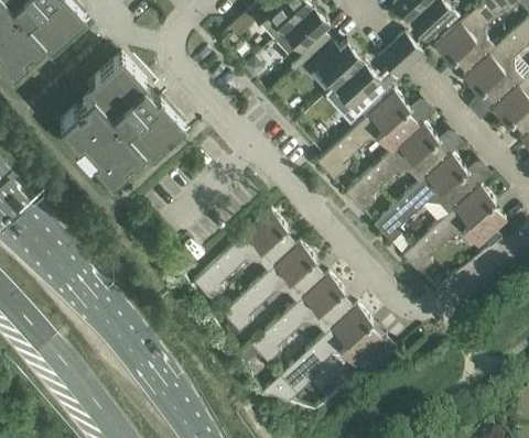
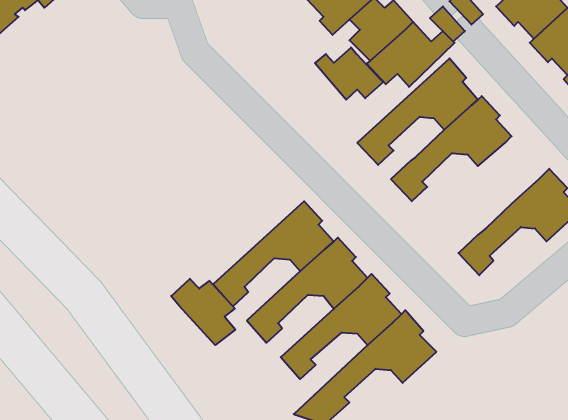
building: [61,56,186,182] -> none
building: none -> [315,47,384,100]
building: [375,155,477,244] -> none
building: none -> [171,279,235,345]

